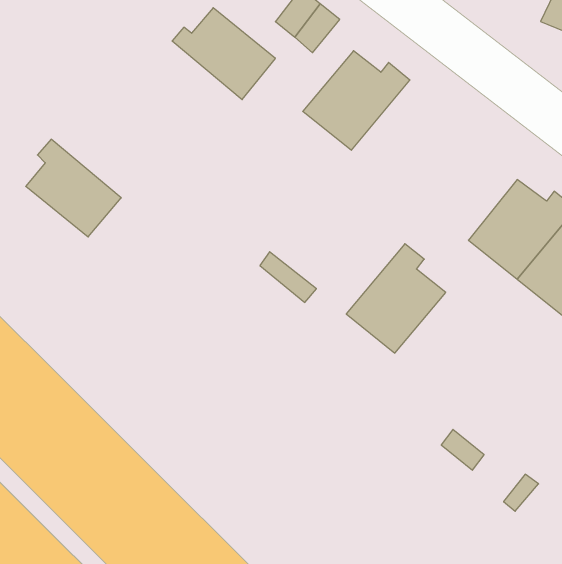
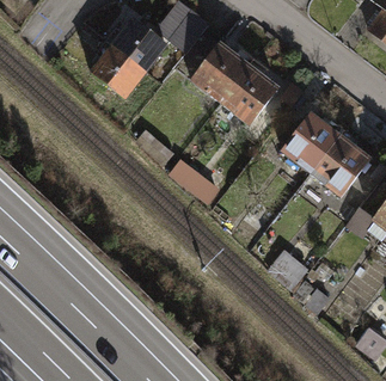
building: [26,139,121,237] -> [96,32,154,92]
building: [346,244,446,353] -> [221,56,282,123]

